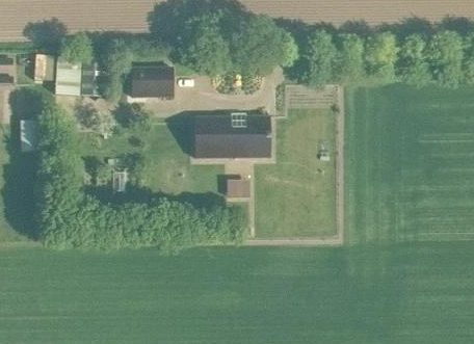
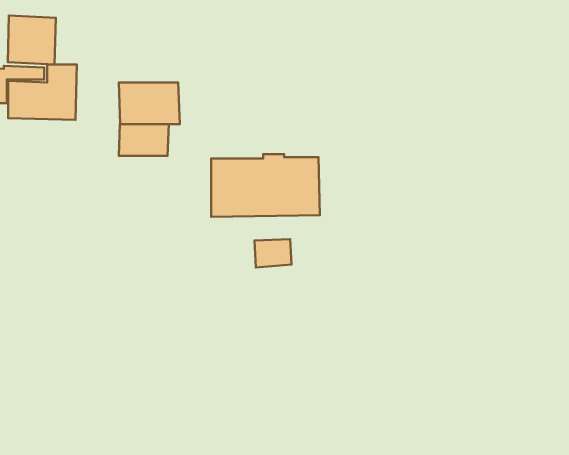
building: none -> [8,16,56,64]
building: none -> [119,124,169,156]

